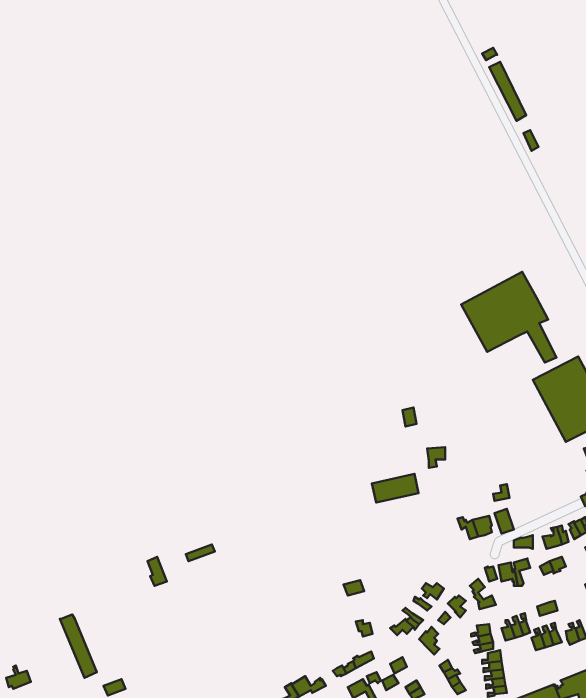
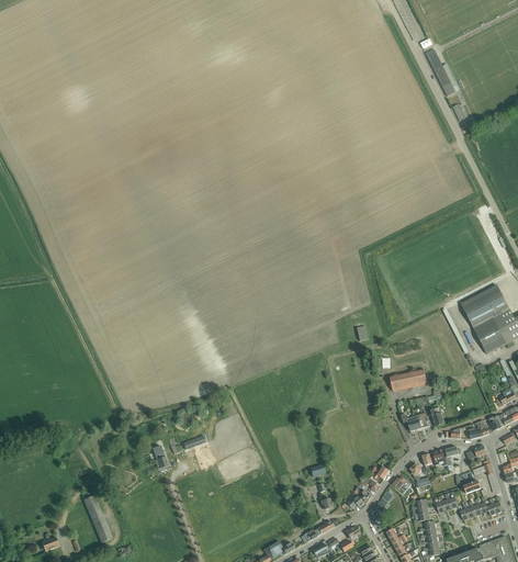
building: [461,272,556,363] -> none
building: [372,474,419,503] -> [390,368,427,391]

